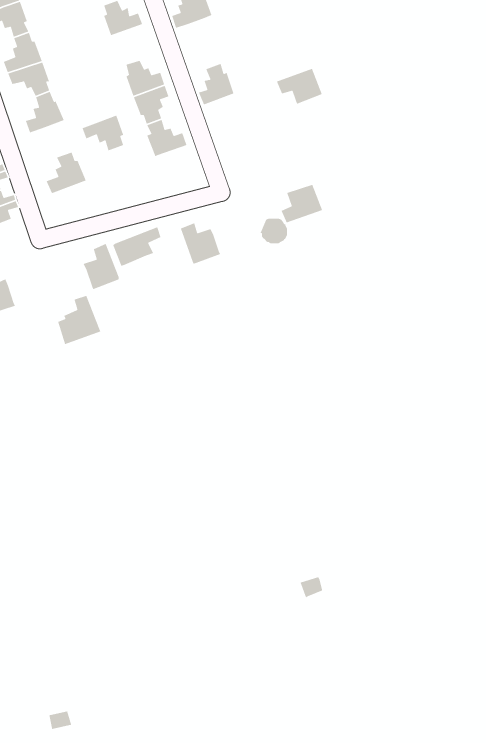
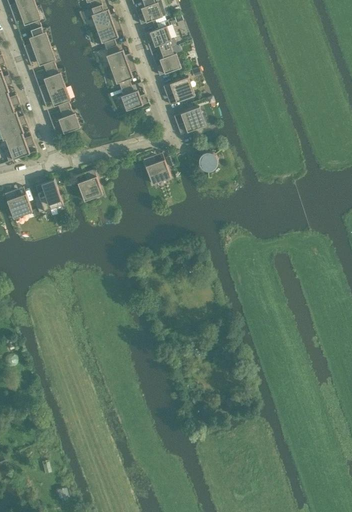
building: none -> [95,20,120,47]
building: none -> [142,25,170,50]
building: [276,68,323,105] -> [161,76,193,101]
building: [81,114,124,151] -> [40,85,69,110]
building: [280,184,323,224] -> [175,106,204,133]
building: [112,226,162,267] -> none
building: [57,295,102,345] -> [32,178,62,212]

